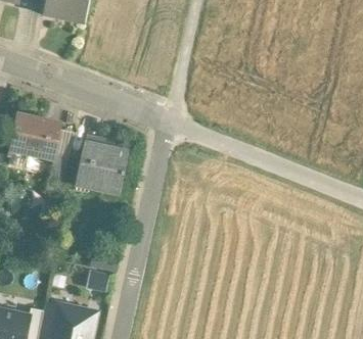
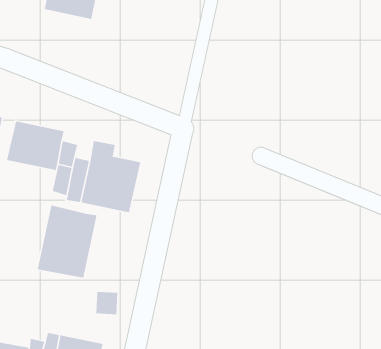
building: none -> [37,205,97,279]

